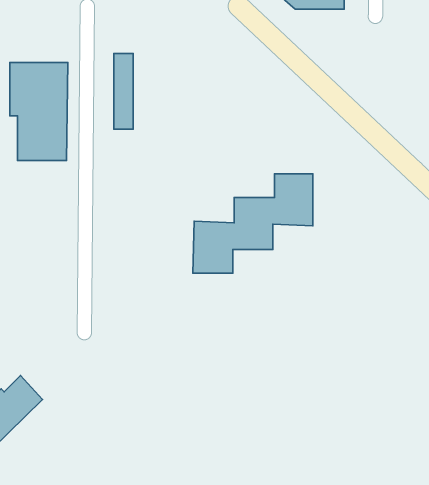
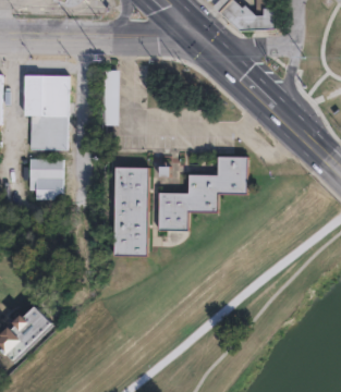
building: none -> [29,157,62,197]
building: none -> [113,167,148,255]

